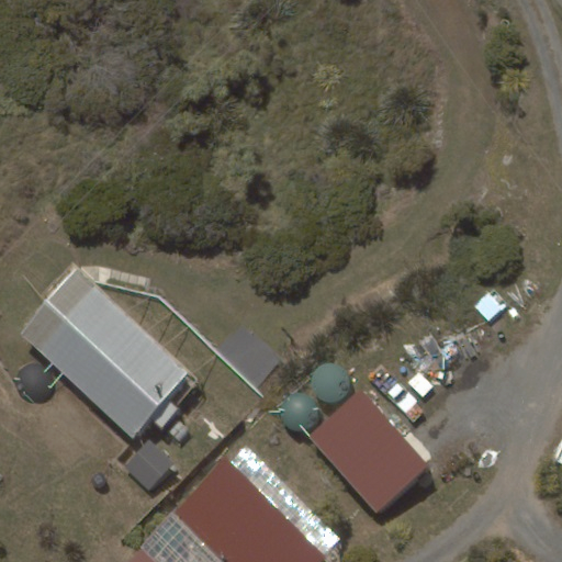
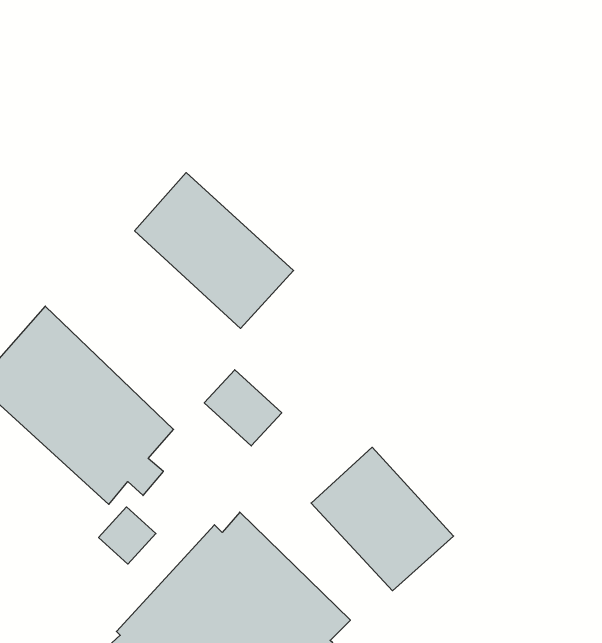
building: none -> [135,173,294,328]

